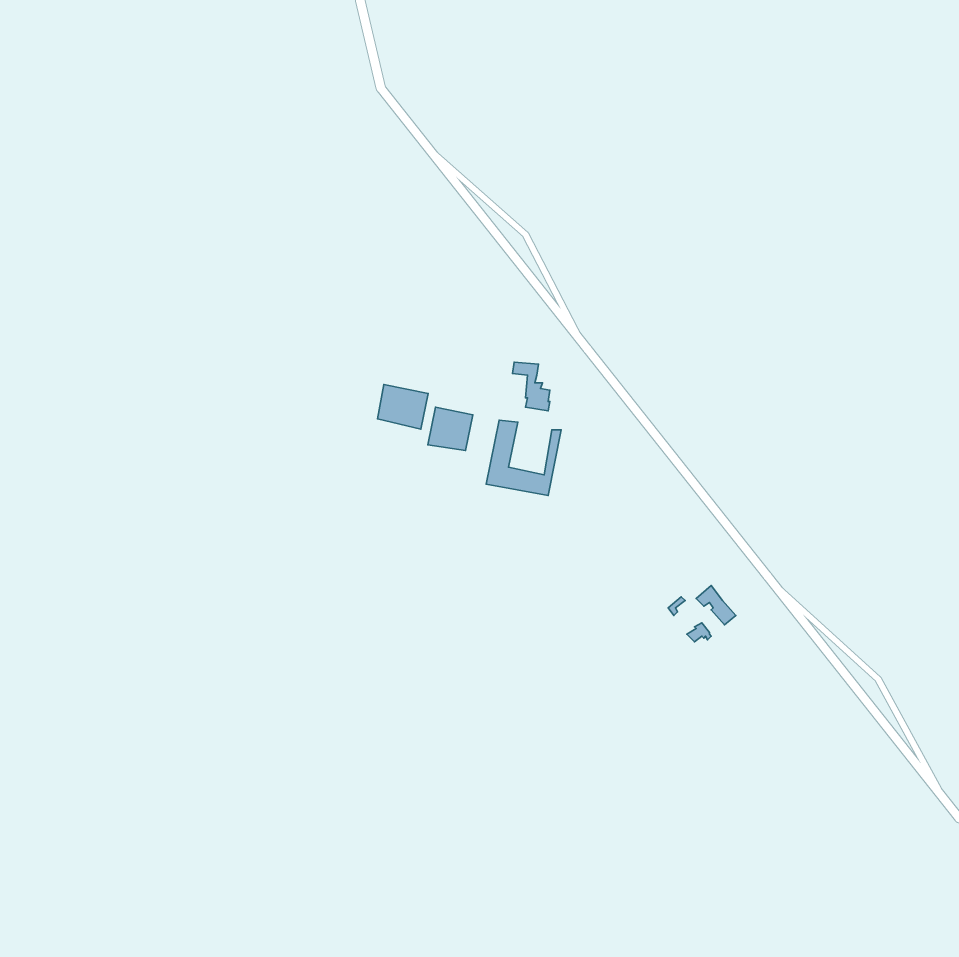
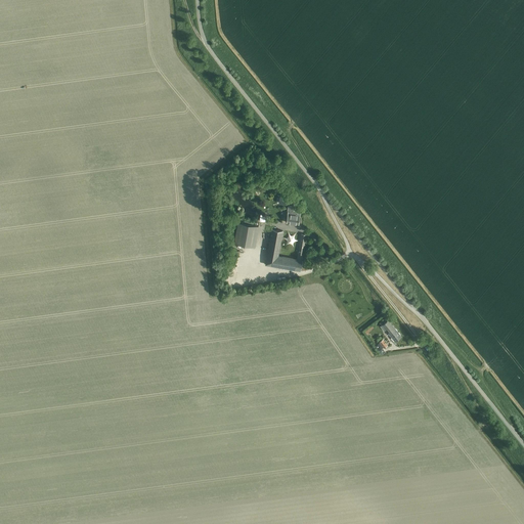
building: [377,385,428,429] -> none

